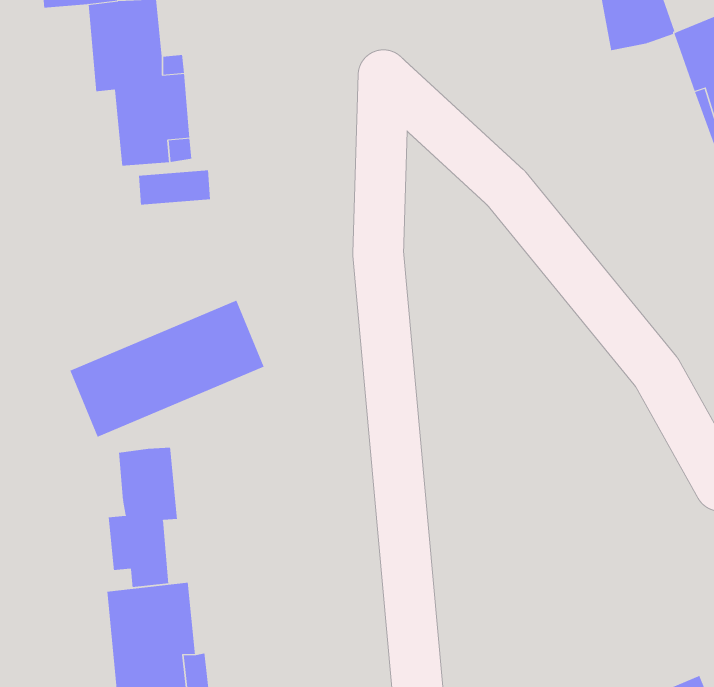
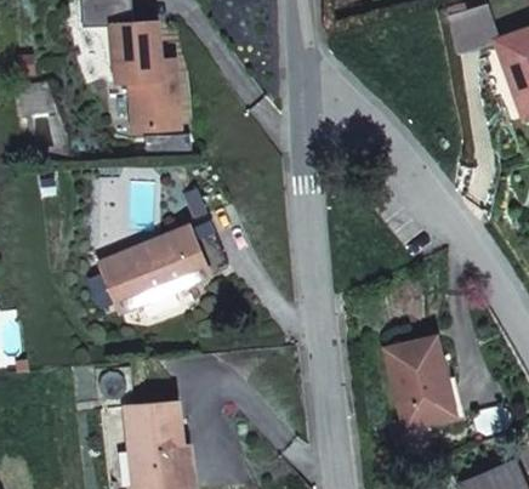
building: [108,447,178,588] -> none
building: none -> [386,337,454,425]

